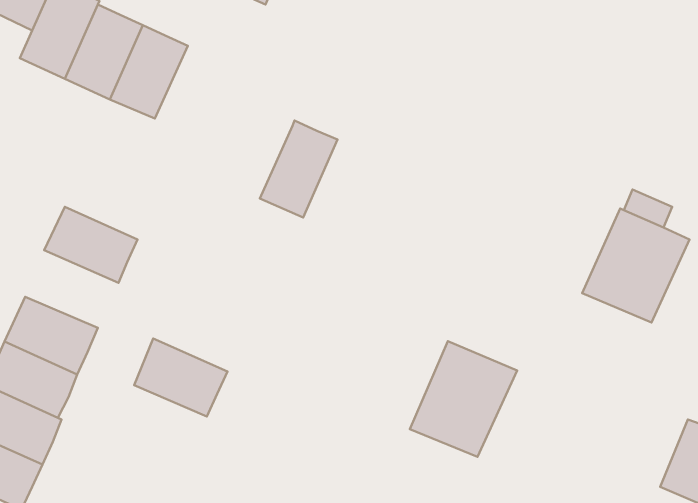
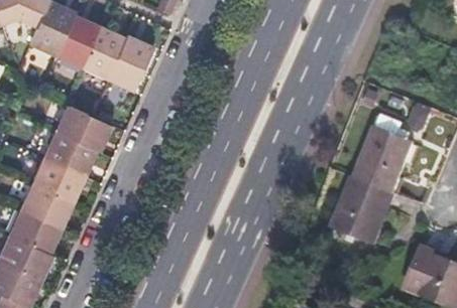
building: [260,121,338,217] -> [107,33,152,90]
building: none -> [54,104,111,150]
building: [134,339,227,416] -> [31,155,86,200]
building: [410,341,517,457] -> [334,180,396,248]

